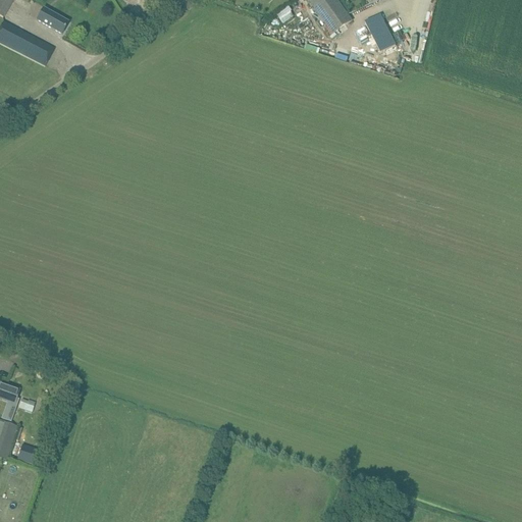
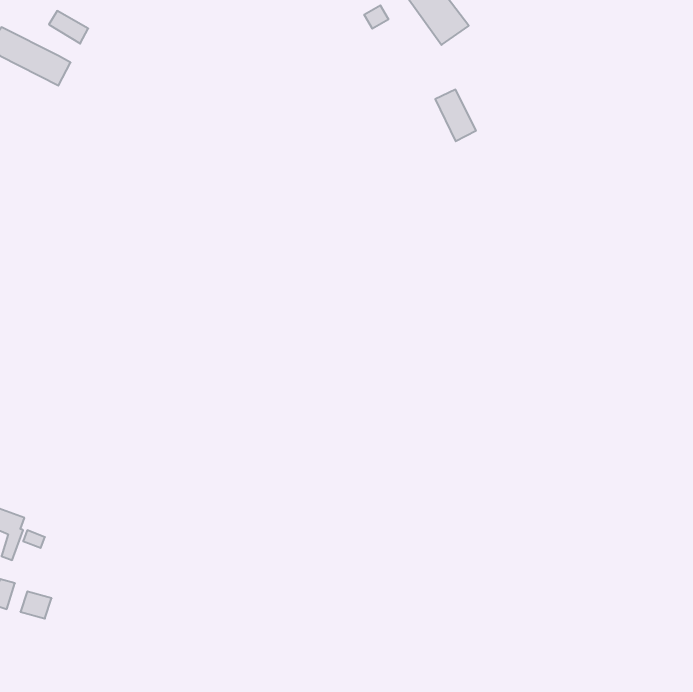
building: [364,13,395,52] -> [435,90,476,141]

